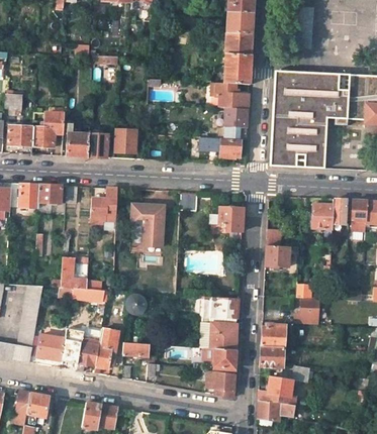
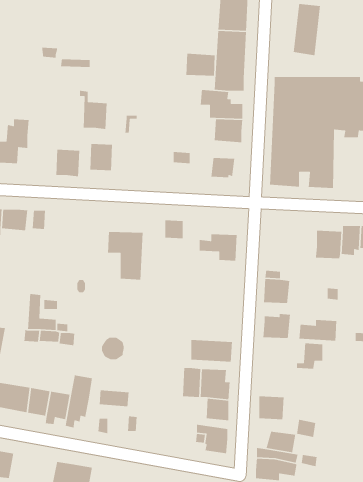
building: none -> [185,53,216,77]
building: [63,122,87,156] -> [79,90,107,130]
building: [91,188,117,223] -> none
building: [261,324,285,346] -> [262,313,291,339]

